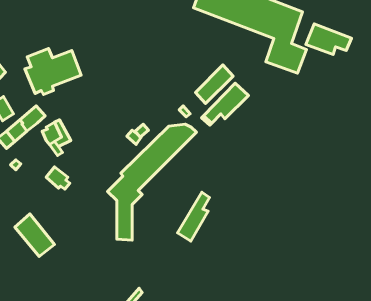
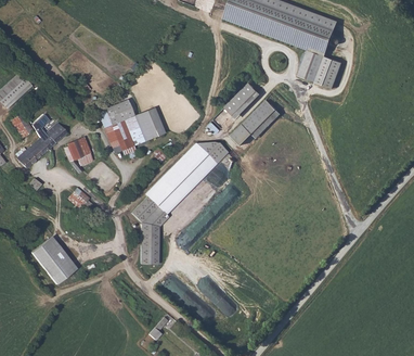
building: [306,24,351,54] -> none
building: [25,49,81,94] -> [104,105,164,154]
building: [178,192,210,241] -> none

